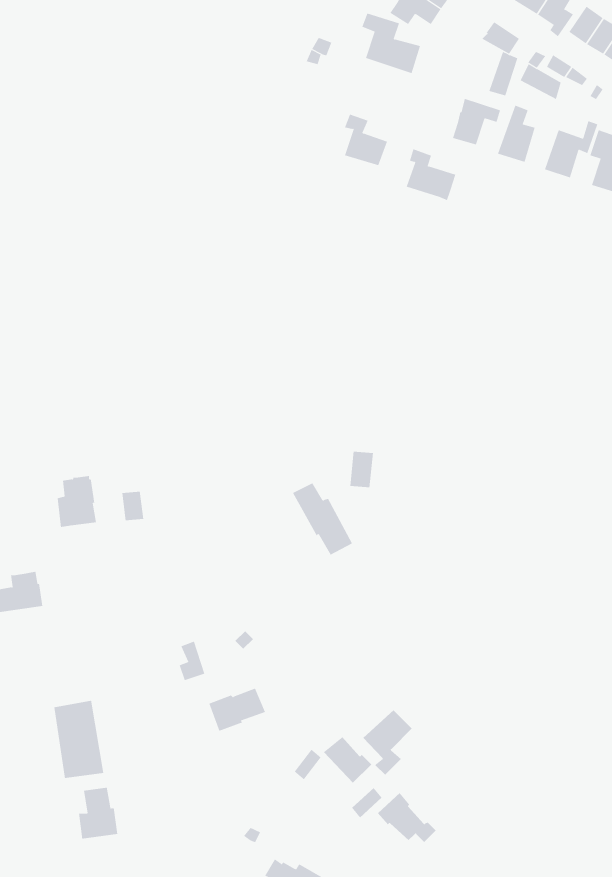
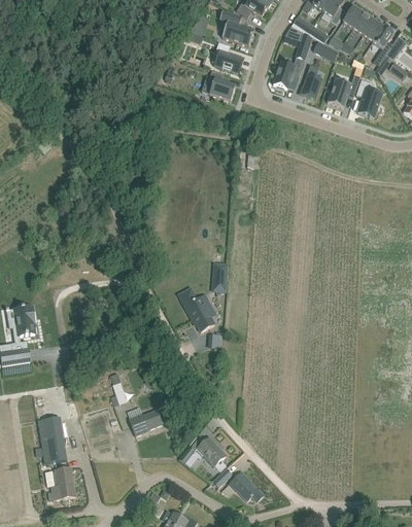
building: [406,148,456,201] -> [214,41,244,72]
building: [57,475,97,528] -> [11,305,35,336]
building: [363,710,413,776] -> none

